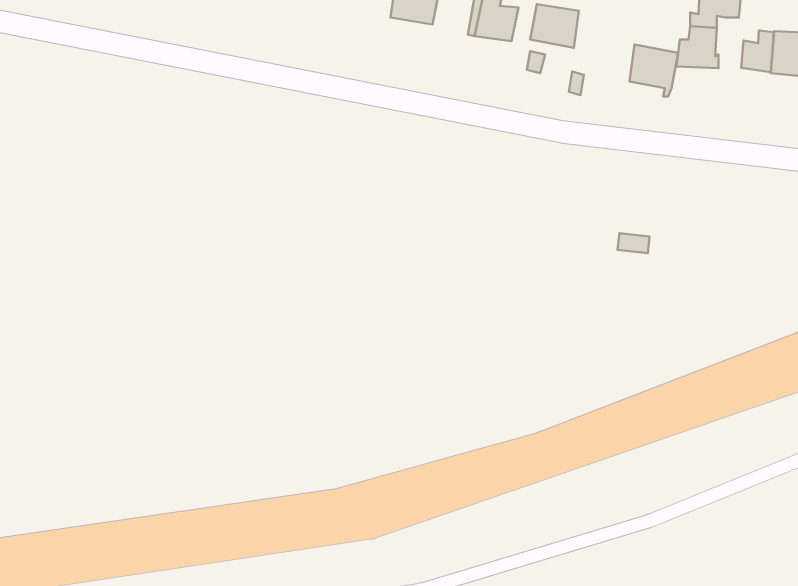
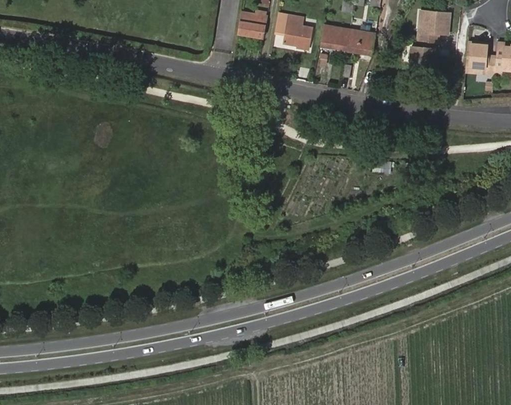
building: [741,31,774,72] -> none
building: [629,44,678,97] -> [347,29,376,60]

